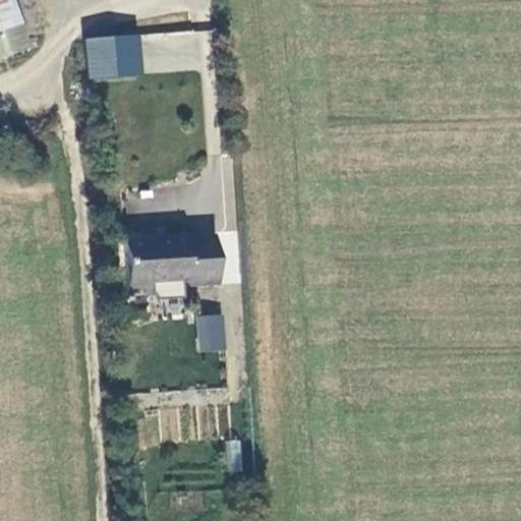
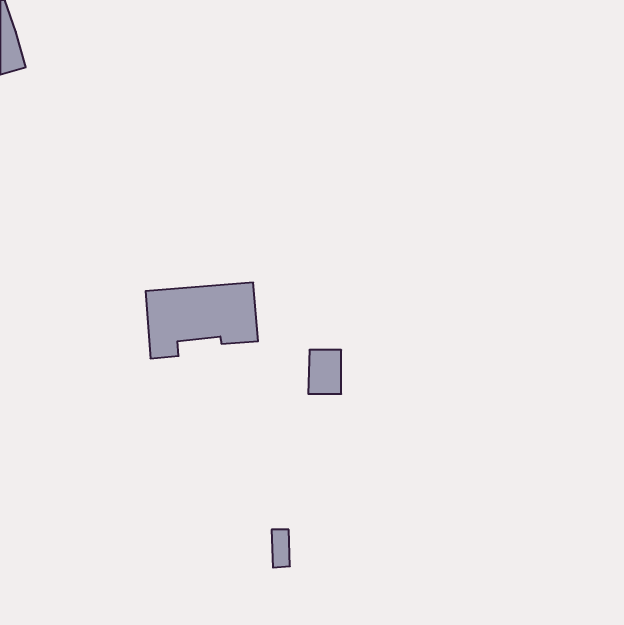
building: [85,33,144,80] -> none
building: [197,314,225,351] -> [308,350,341,394]

